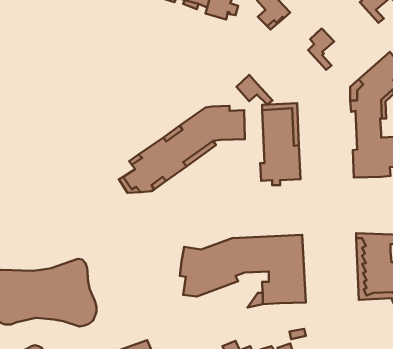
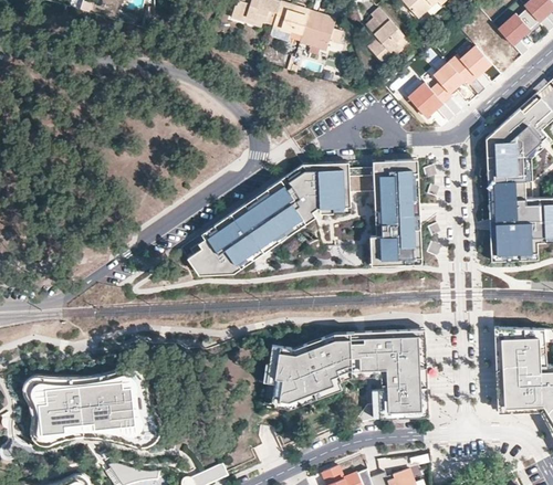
building: none -> [450,46,491,95]
building: [236,75,272,105] -> [409,83,456,122]

